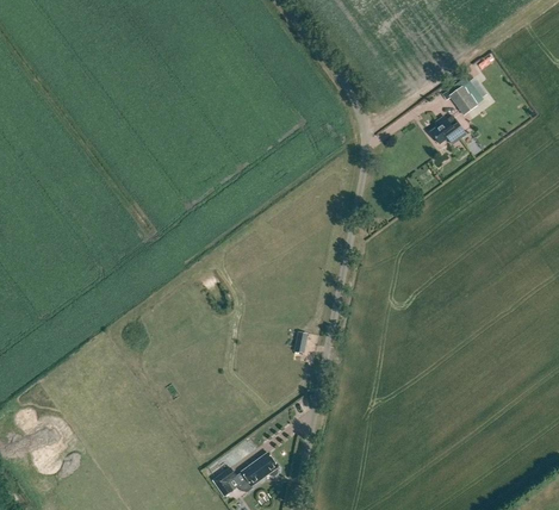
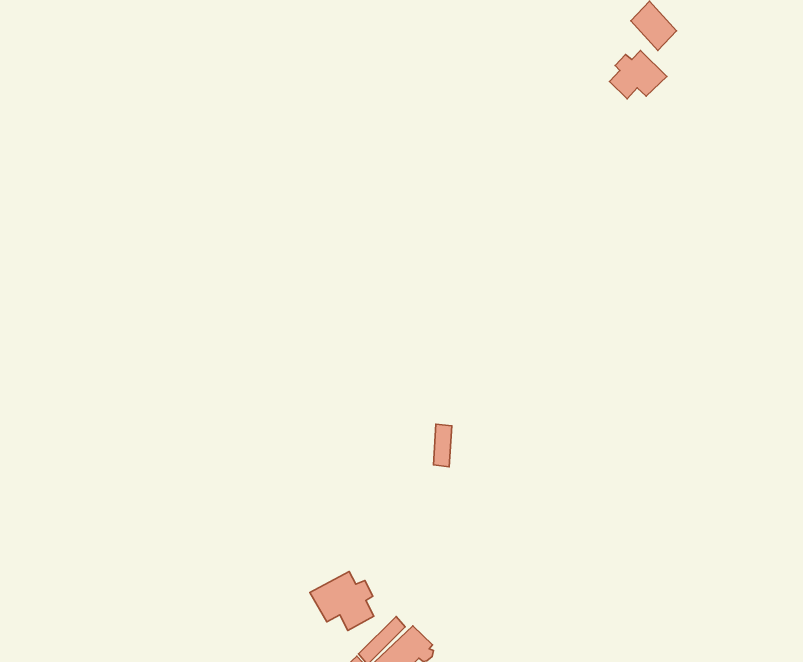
building: none -> [310,571,374,630]

